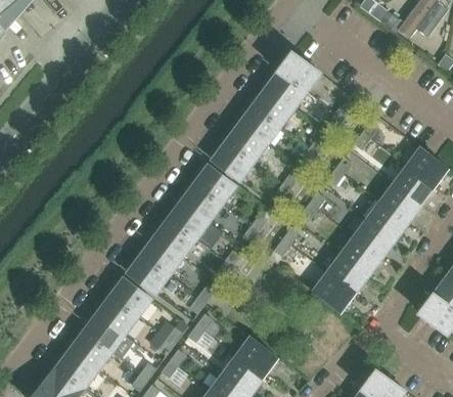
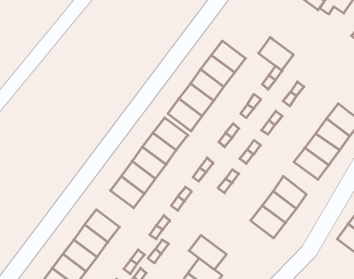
building: [278,50,321,91] -> [258,37,293,71]
building: [353,218,396,258] -> none
building: [127,253,170,293] -> none
building: none -> [189,235,226,270]

